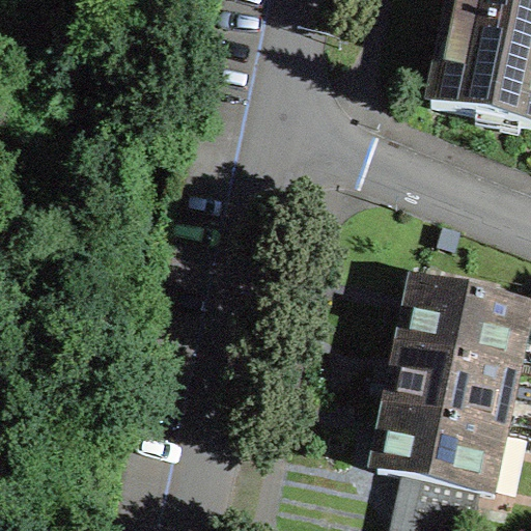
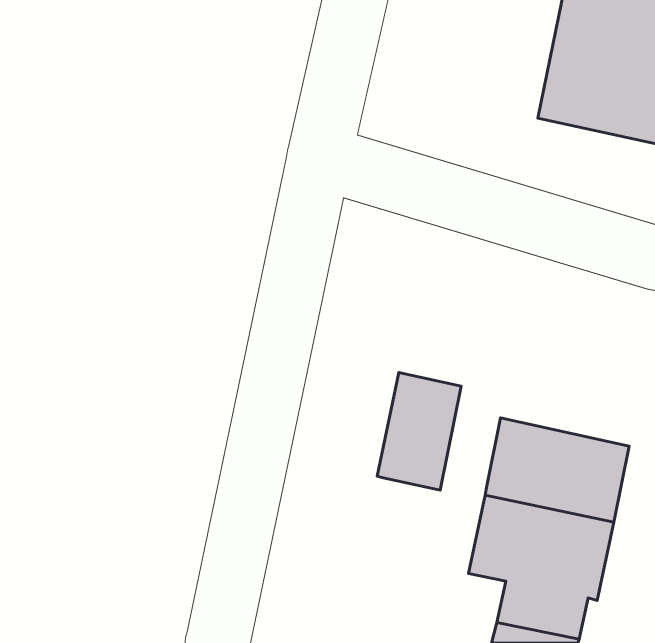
building: [406,274,523,360] -> none
building: none -> [377,373,461,490]

